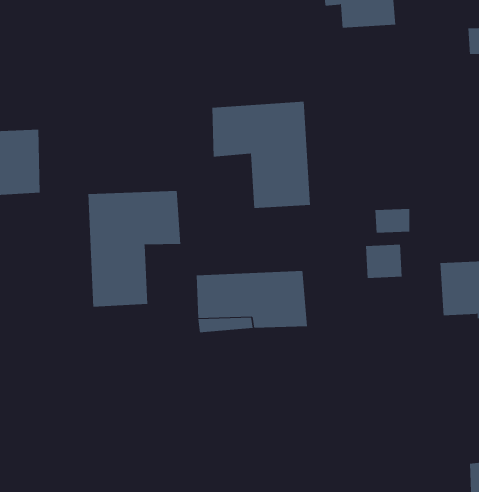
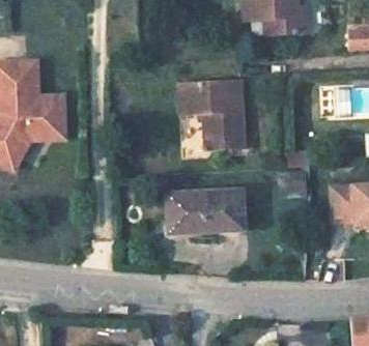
building: [88,190,181,307] -> none

